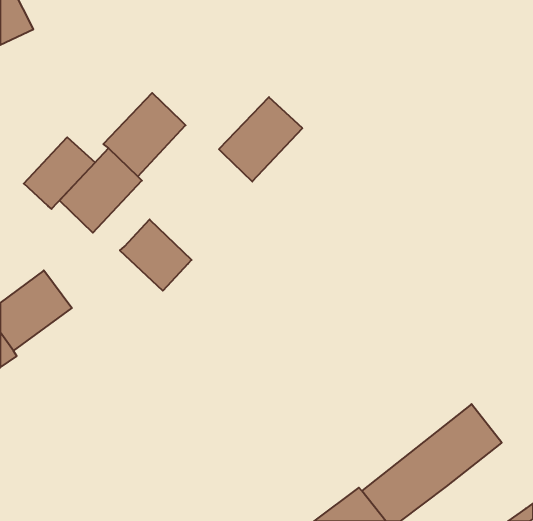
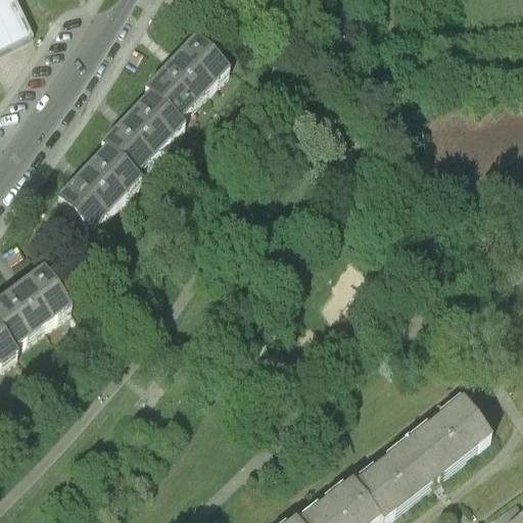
building: [219,97,302,182] -> [145,36,227,118]
building: [24,137,95,209] -> none
building: [120,219,192,291] -> none

